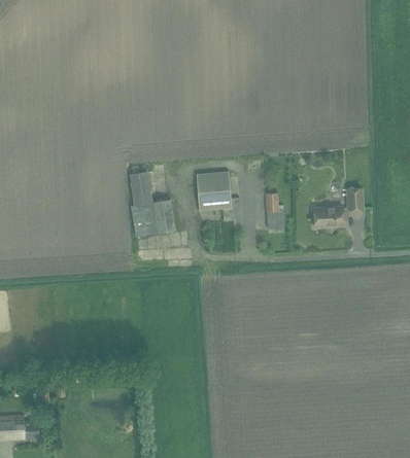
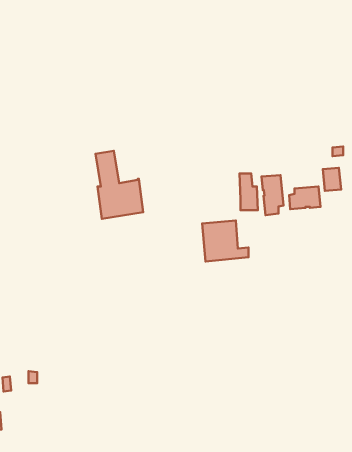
building: [195,170,239,209] -> [202,220,249,261]
building: none -> [262,175,283,215]

